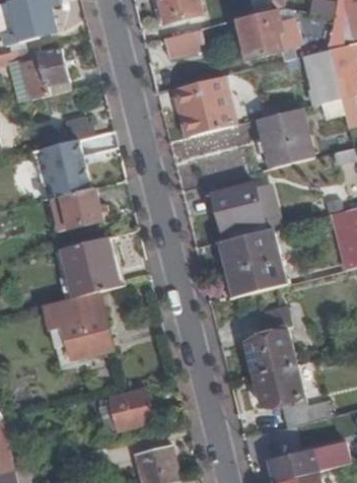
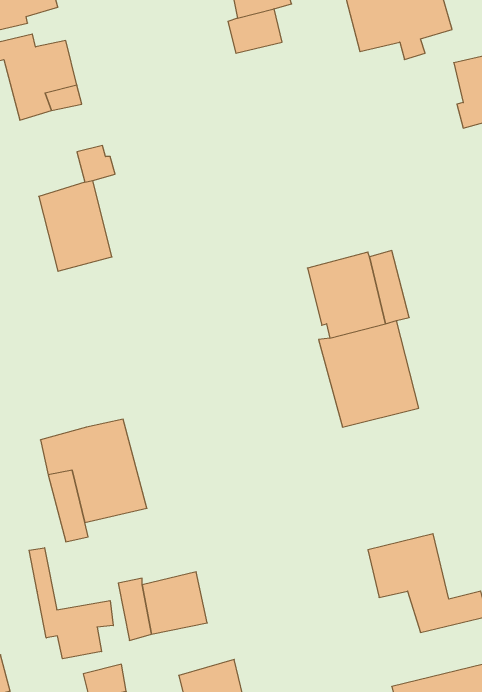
building: [177,76,233,138] -> none
building: [261,109,314,168] -> none
building: [51,187,102,230] -> none
building: [63,238,119,296] -> none
building: [245,325,295,374] -> none
building: none -> [29,548,113,659]

